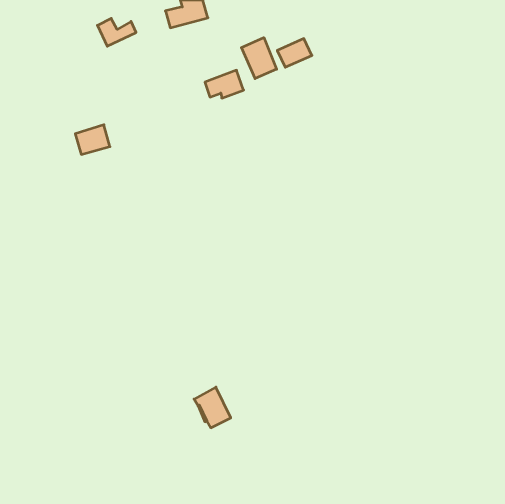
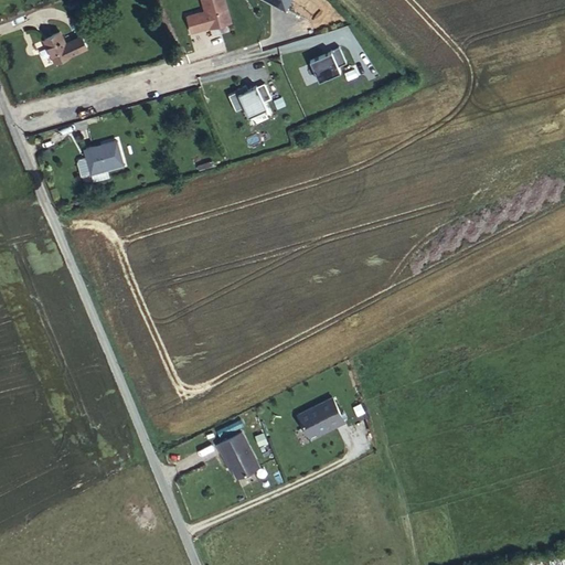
building: [97,18,136,46] -> [43,34,86,65]
building: [241,38,277,79] -> none
building: none -> [297,395,347,439]

